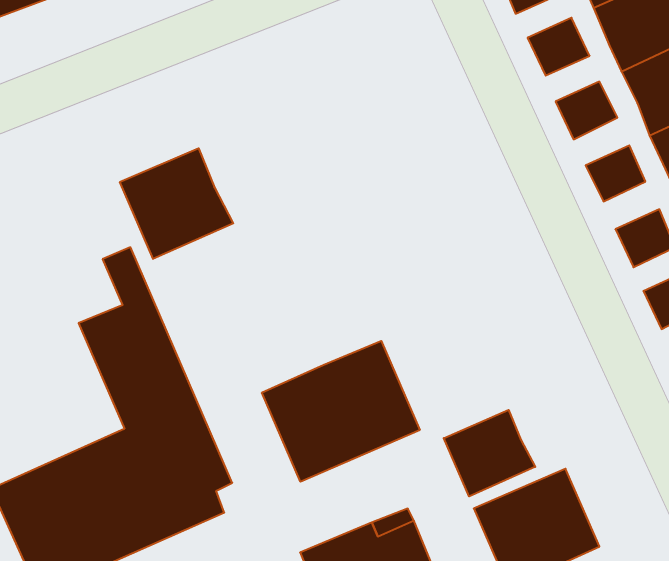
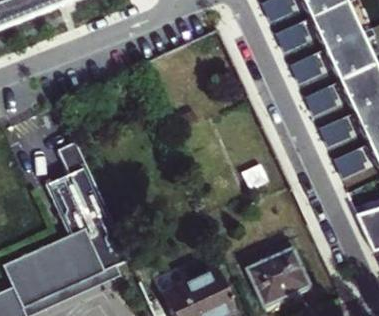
building: [120,148,233,259] -> none
building: [262,341,420,482] -> none
building: [444,410,535,496] -> none

